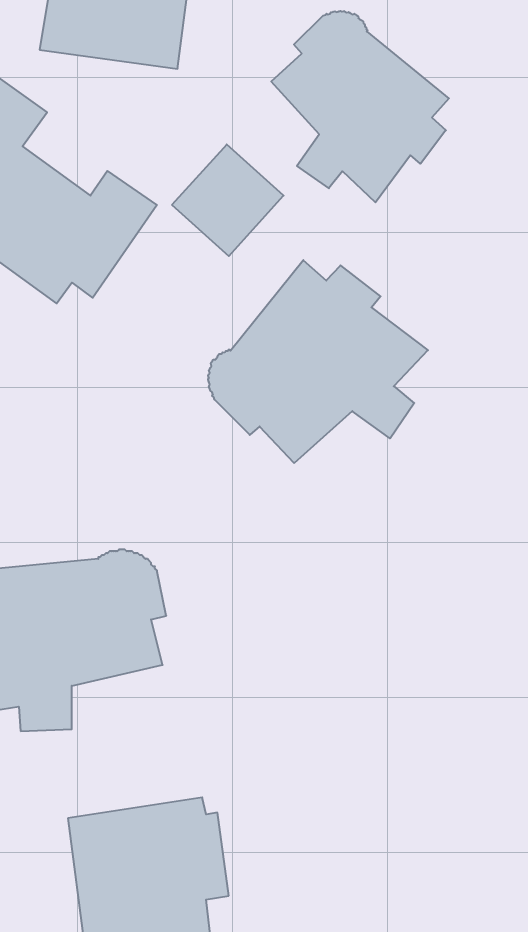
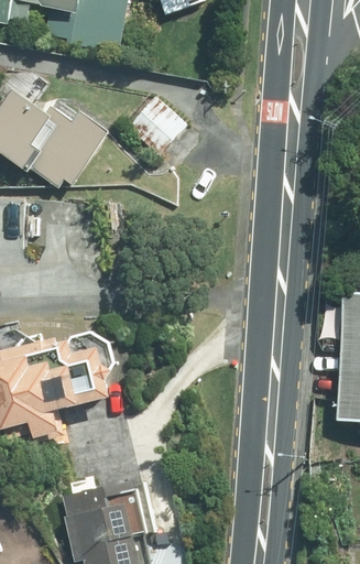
building: [271,11,449,202] -> none
building: [208,260,428,463] -> none

